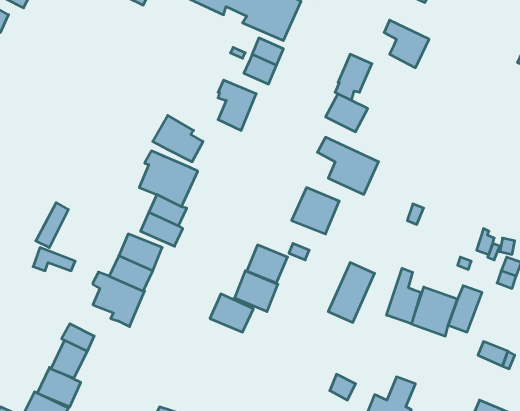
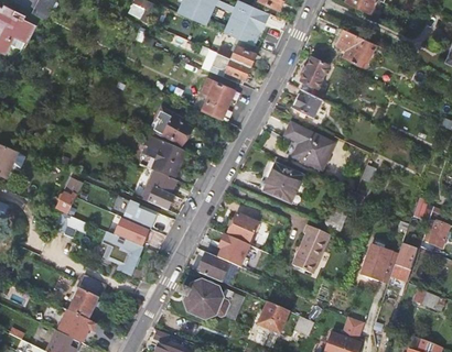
building: [387,268,421,324] -> none
building: none -> [179,280,245,322]
building: none -> [256,302,288,333]

